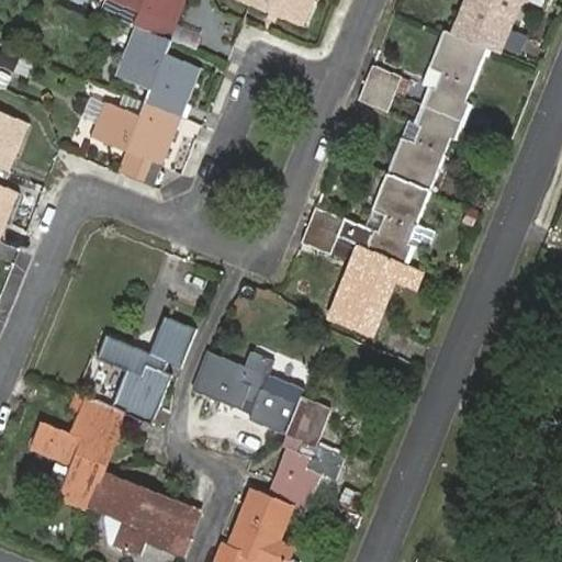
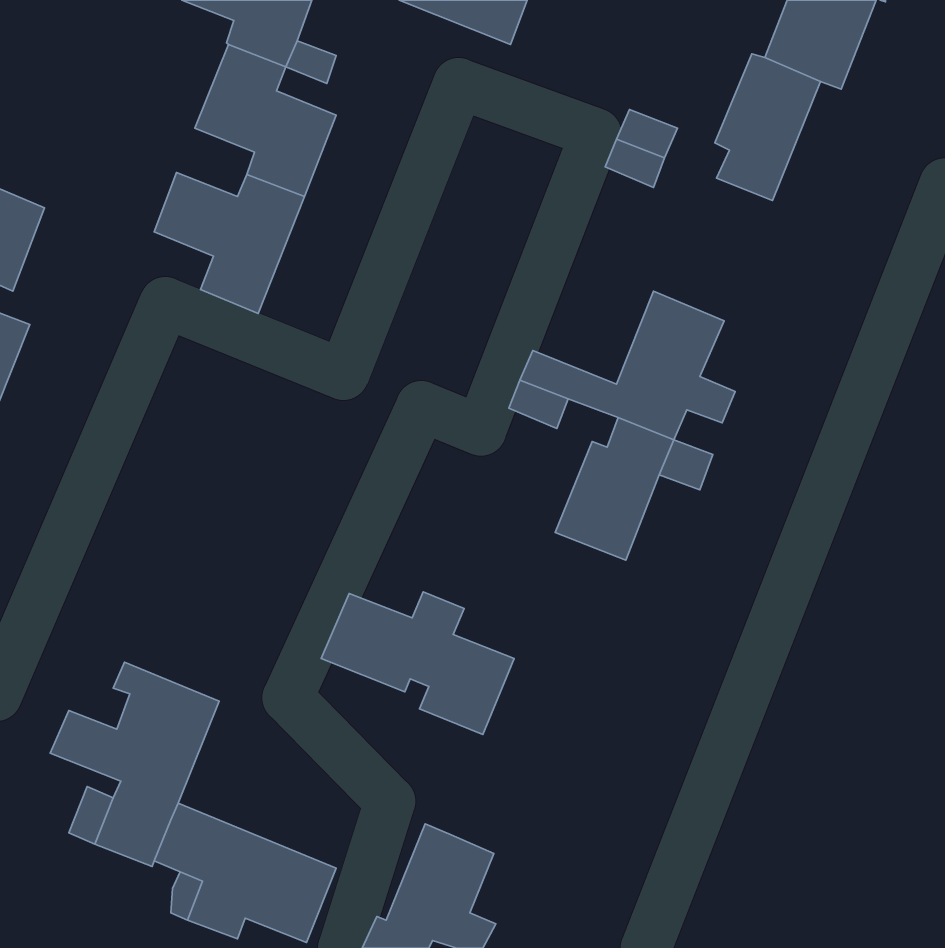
building: [386,105,457,190] -> none
building: [97,316,195,424] -> none
building: [267,397,345,510] -> none

